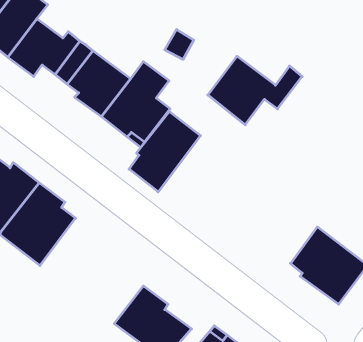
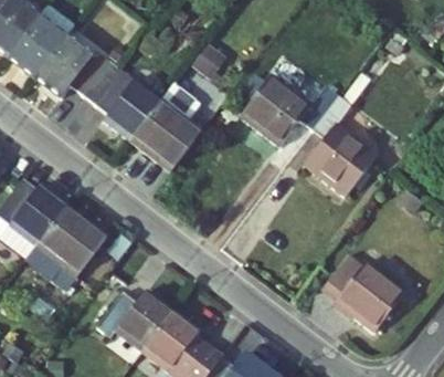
building: none -> [304,95,374,195]
building: [129,112,201,192] -> none
building: none -> [98,290,173,349]

